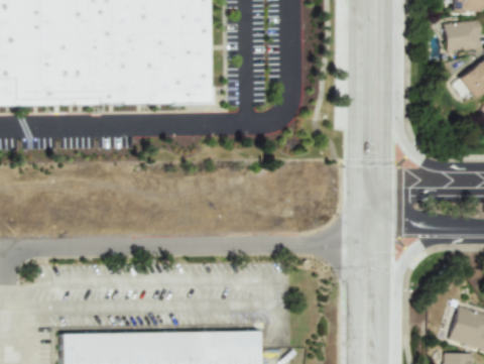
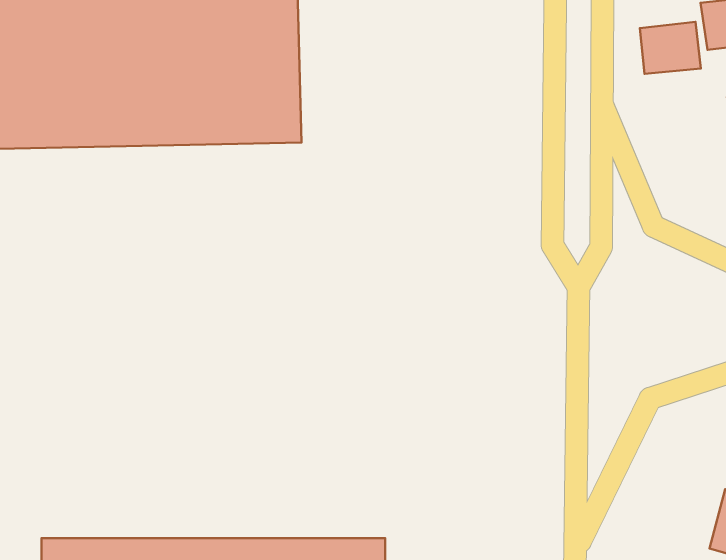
building: none -> [640,22,701,74]

